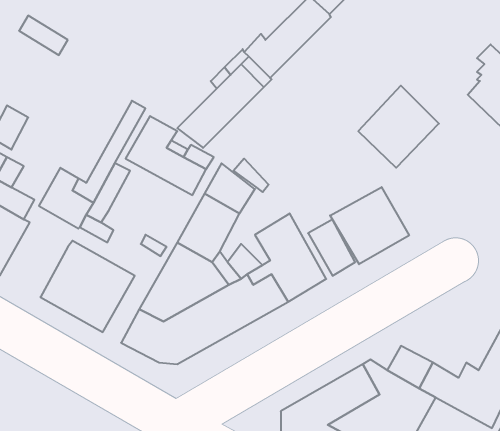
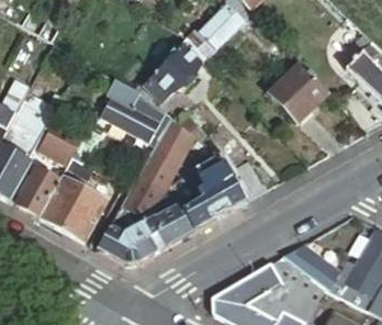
building: [330,187,409,264] -> none
building: none -> [15,167,59,216]

